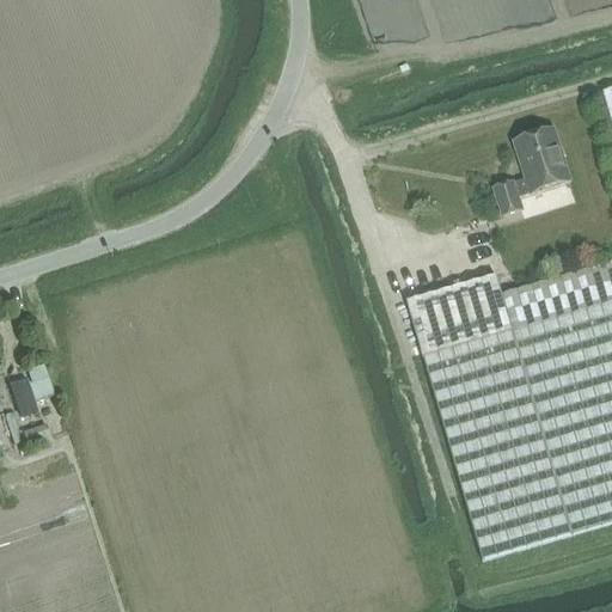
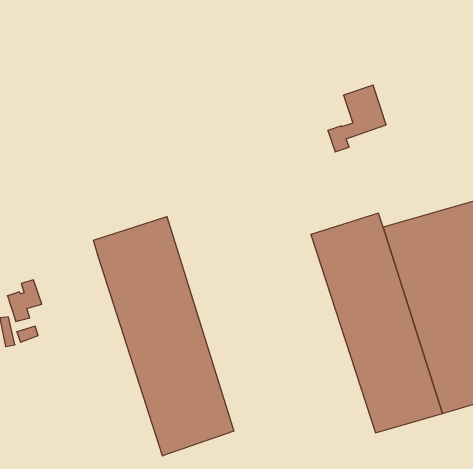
building: [497,127,573,213] -> [328,85,386,152]
building: none -> [93,216,234,456]

